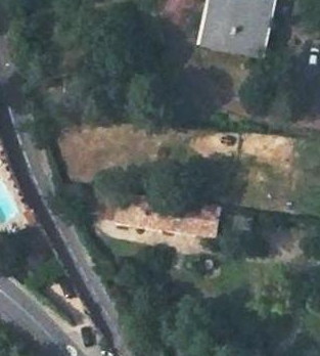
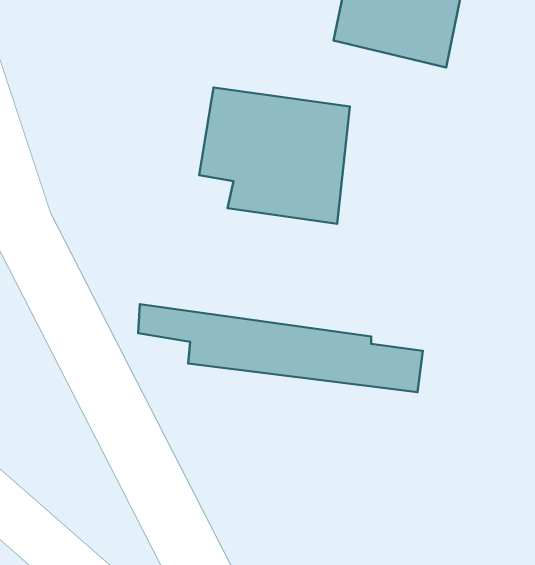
building: none -> [199,87,350,224]

